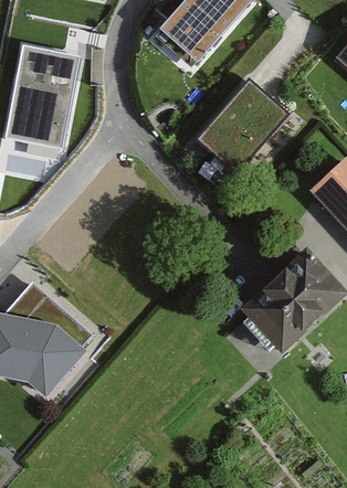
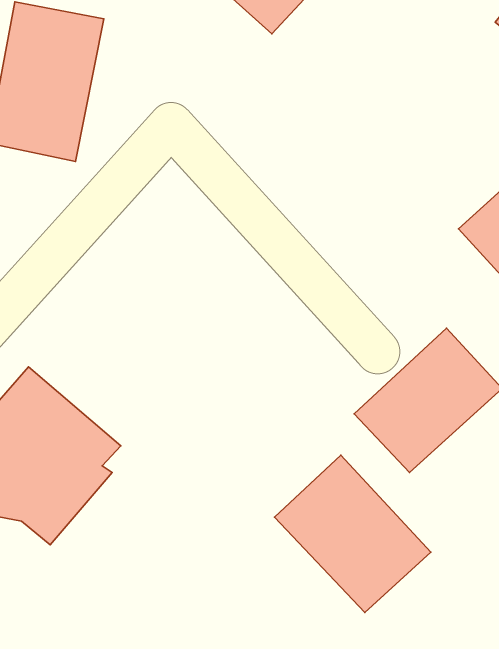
building: [200,83,285,171] -> none
building: none -> [275,455,431,613]

